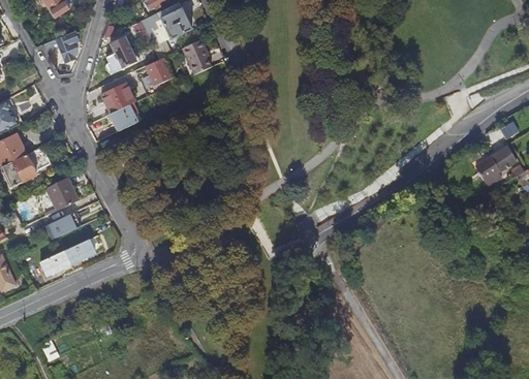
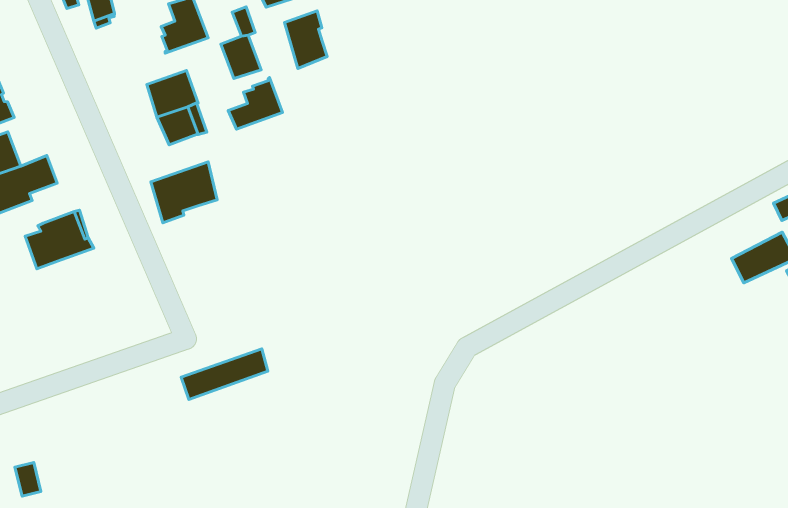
building: none -> [228,78,283,129]
building: none -> [151,162,217,223]
building: [50,212,79,235] -> none
building: [40,239,94,275] -> [181,349,268,399]

